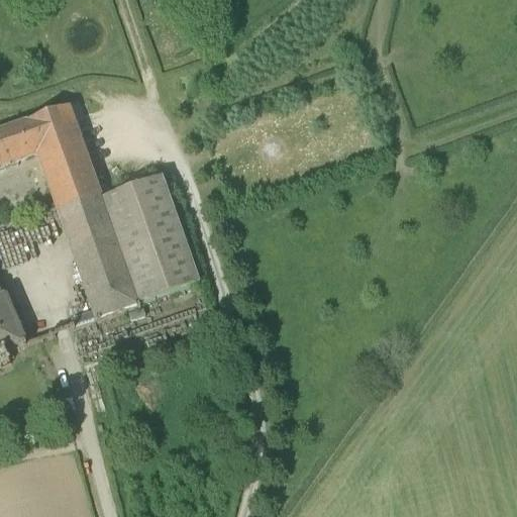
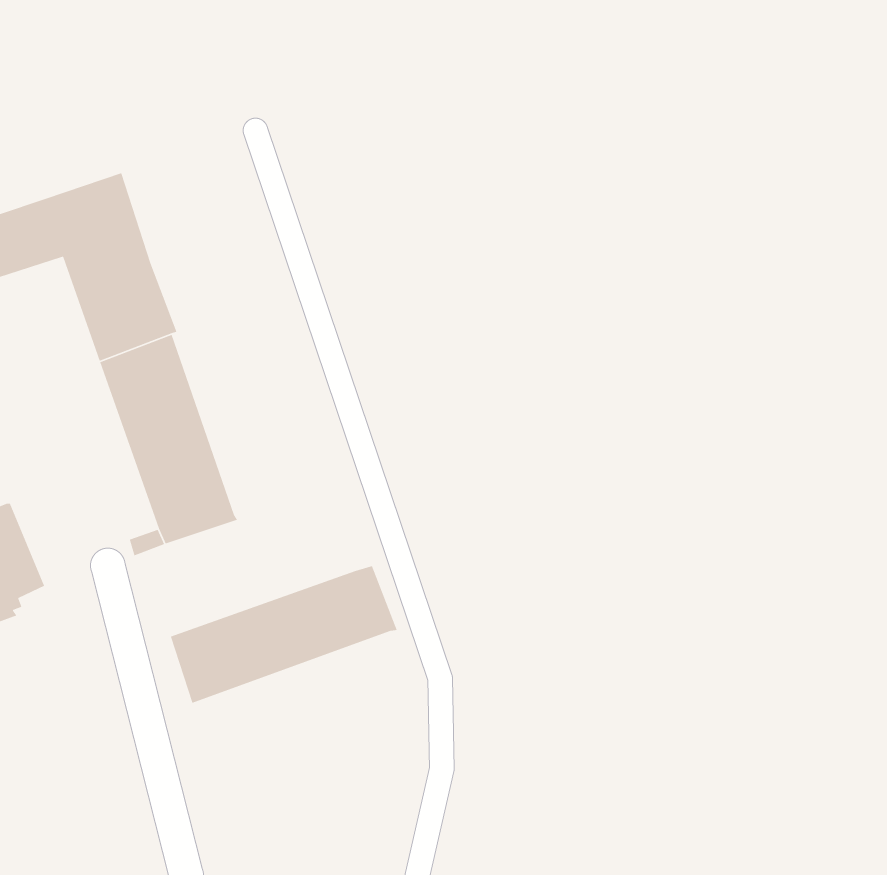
building: [100,172,199,299] -> none
building: none -> [170,565,398,704]

